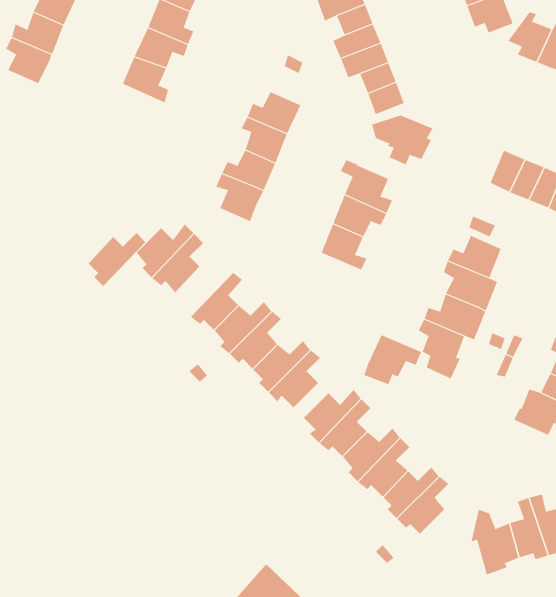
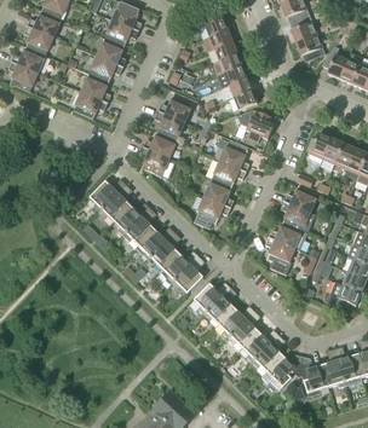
building: none -> [73,91,108,118]
building: [88,232,146,287] -> [114,202,150,236]
building: [364,334,422,385] -> [194,196,230,227]
building: none -> [261,354,303,389]

